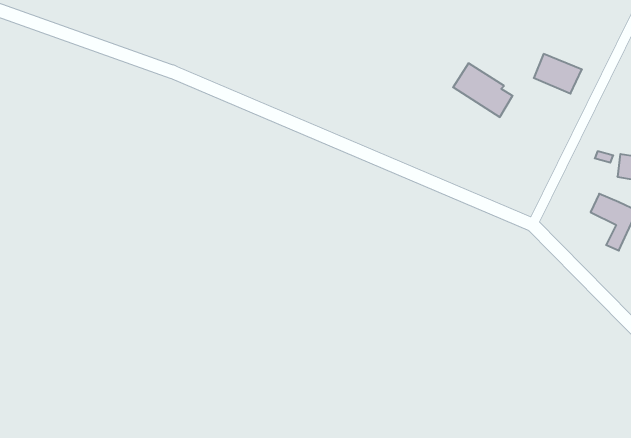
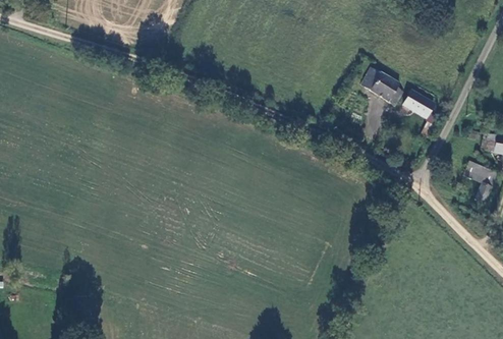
building: [534,54,582,94] -> [403,90,438,118]

